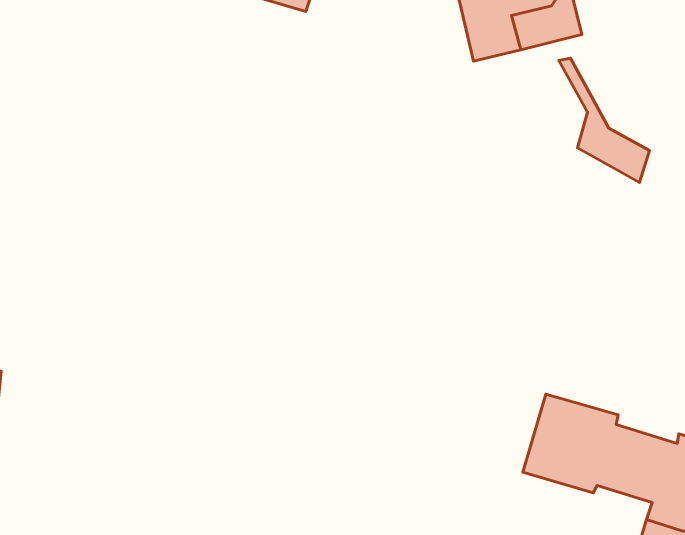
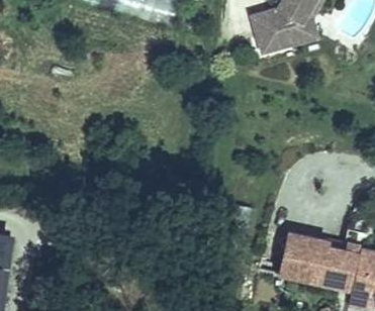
building: [559,58,650,183] -> none

